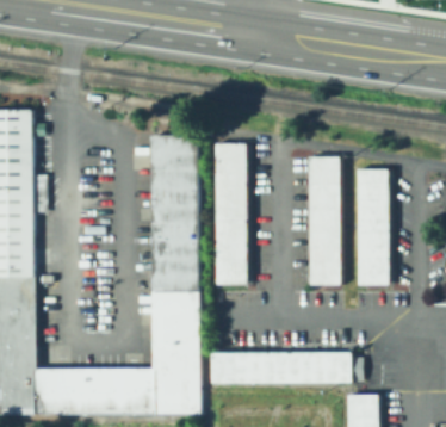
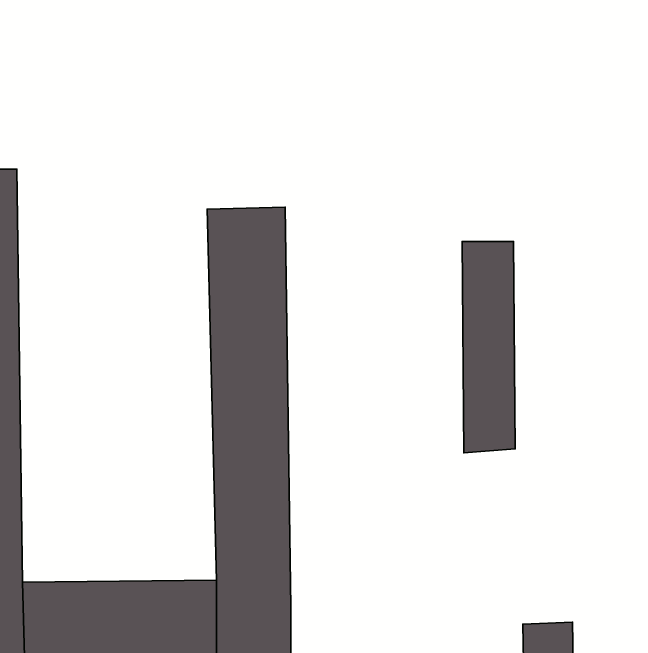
building: [215,144,247,286] -> none
building: [358,169,389,286] -> none
building: [210,352,352,384] -> none

